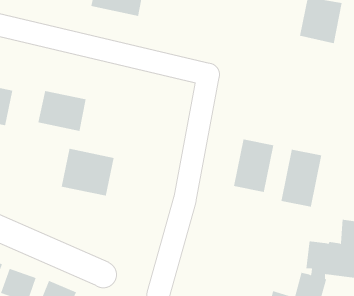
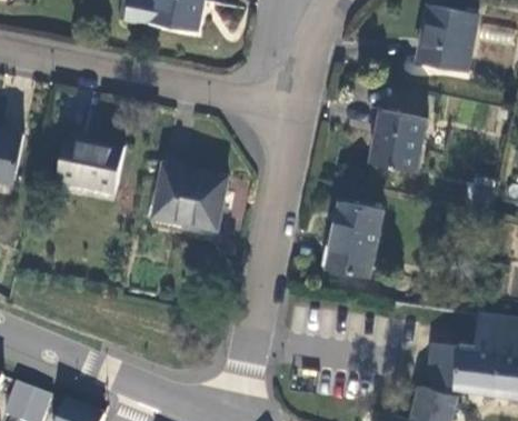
building: none -> [369,110,426,171]
building: [61,148,115,196] -> [152,163,227,230]
building: [281,149,322,208] -> none

